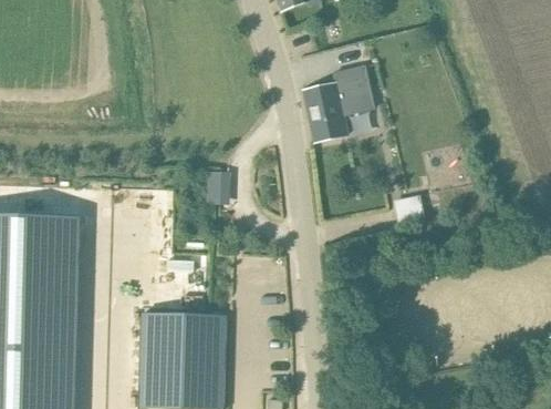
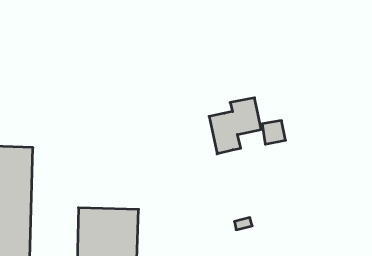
building: [302,63,373,140] -> [209,98,261,154]
building: [205,170,230,202] -> none

